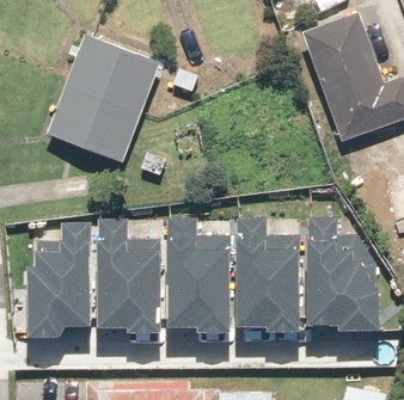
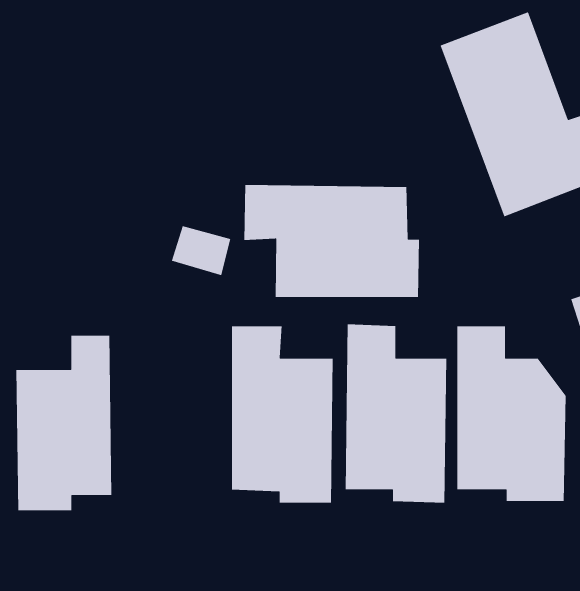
building: [42,36,160,167] -> none
building: none -> [244,184,420,298]
building: [100,214,165,326] -> none

